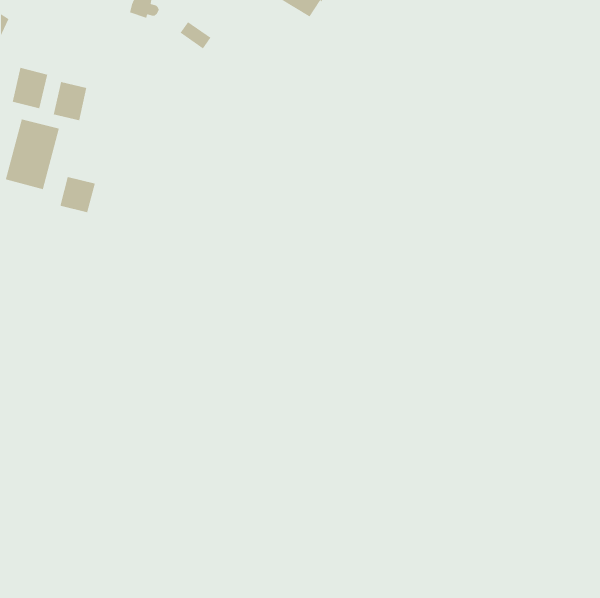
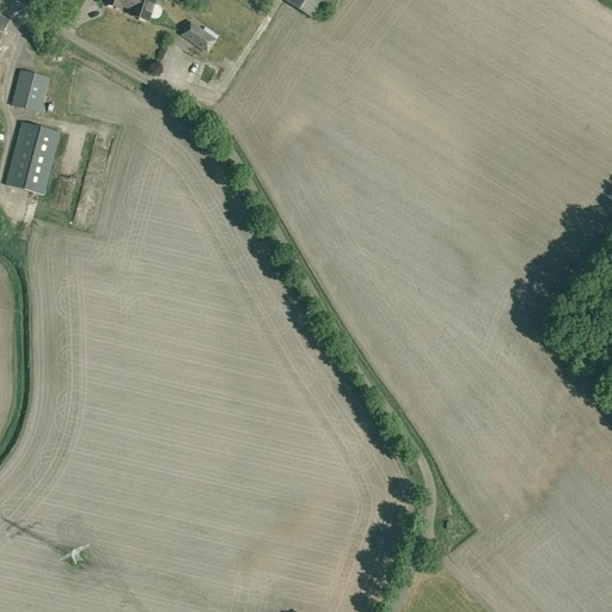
building: [53,81,87,121] -> none
building: [59,176,96,213] -> none

